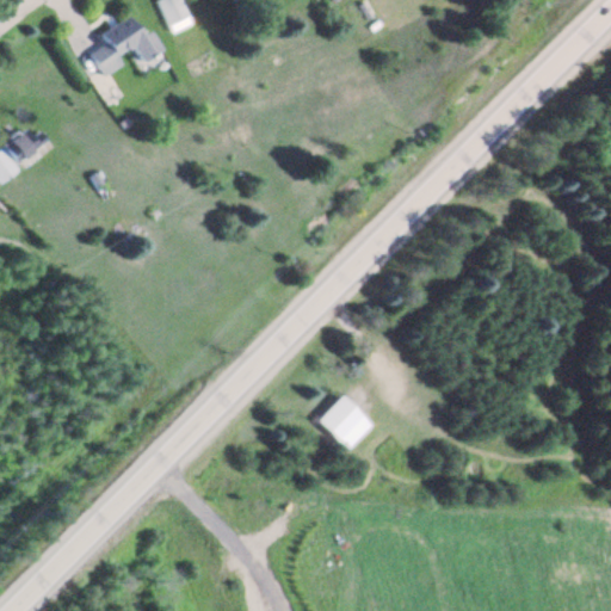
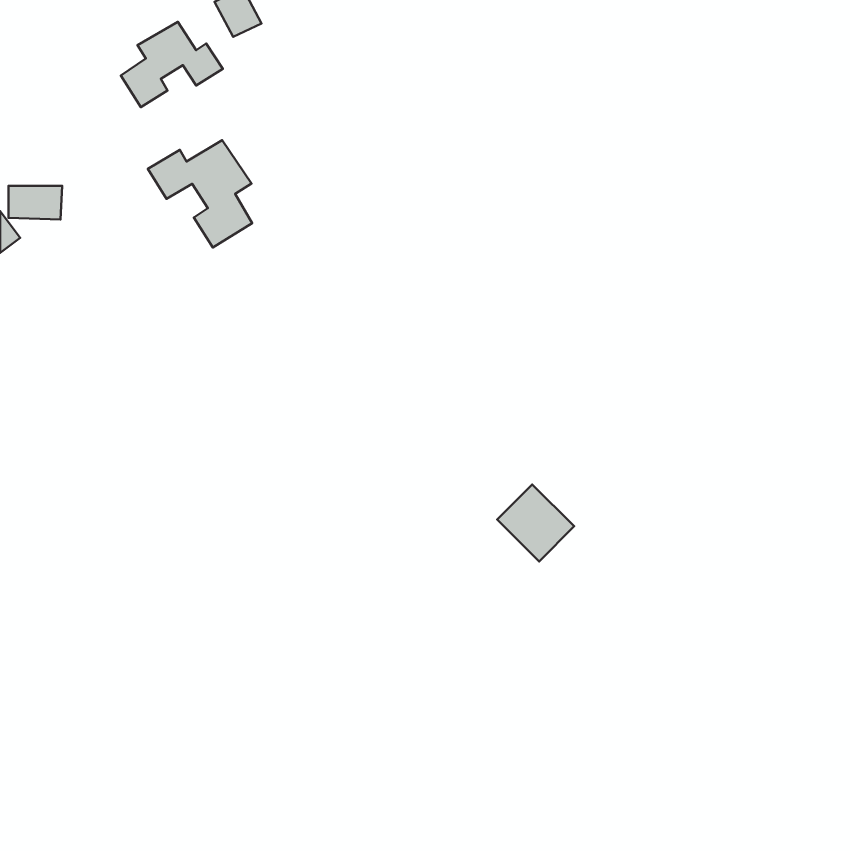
building: none -> [148,140,252,247]
building: [317,395,372,450] -> [497,484,574,561]

